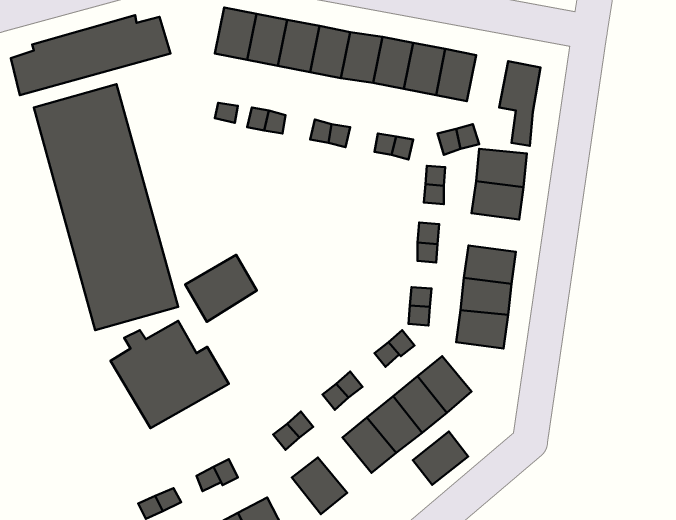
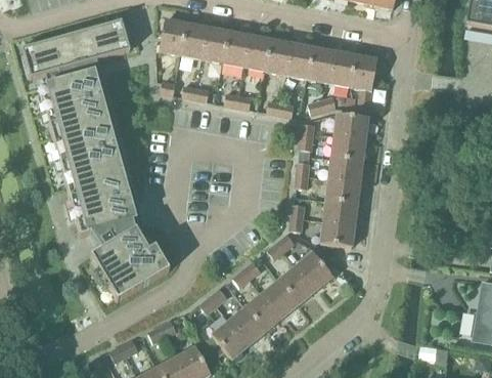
building: none -> [328,51,356,86]
building: none -> [329,157,363,182]
building: [185,255,257,322] -> none
building: [413,432,468,485] -> none
building: none -> [229,306,265,343]

